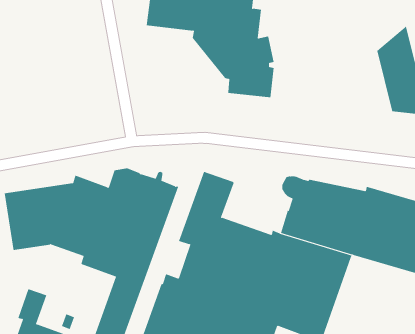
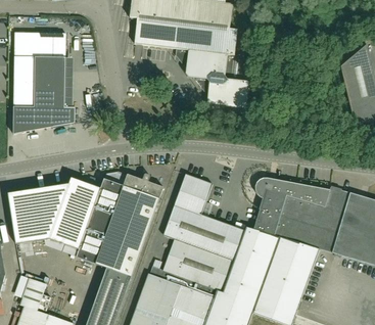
building: none -> [12,33,75,134]

